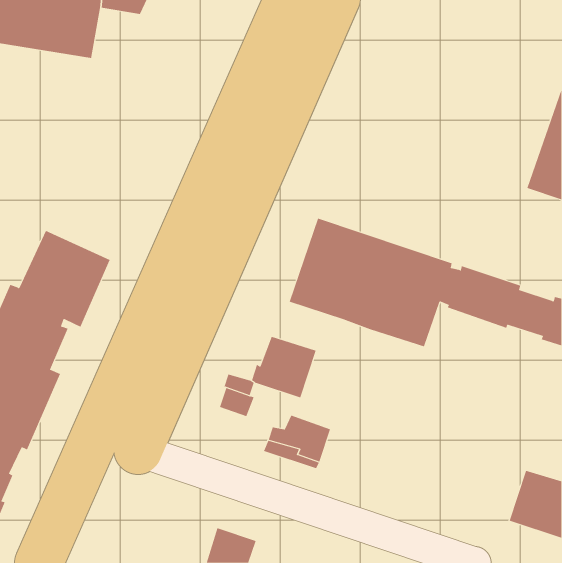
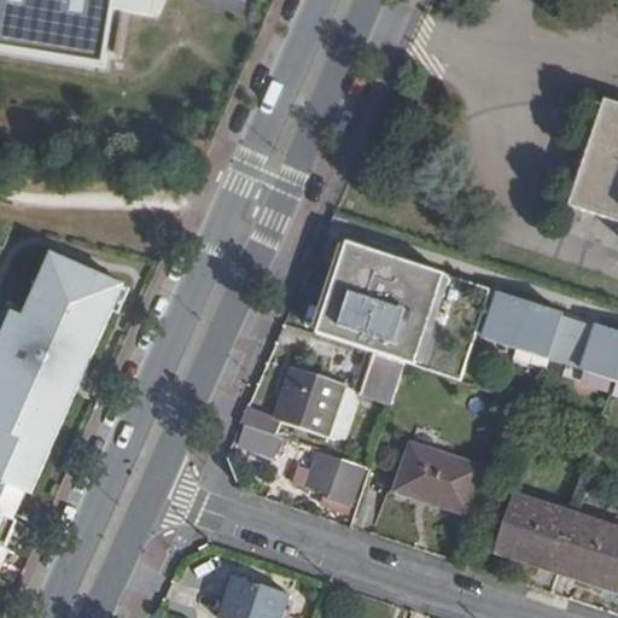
building: none -> [360,349,403,401]
building: none -> [393,441,482,513]
building: none -> [491,491,573,569]

